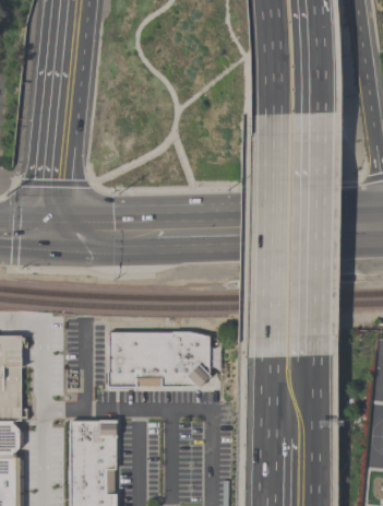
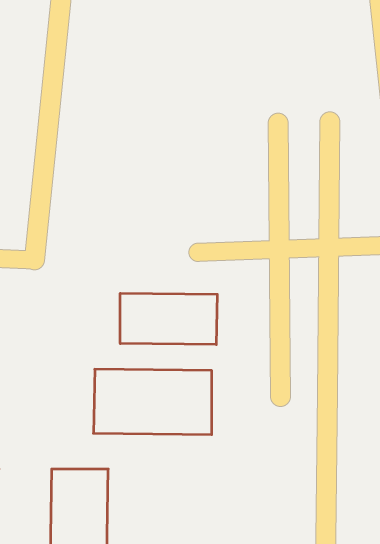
building: none -> [120,293,217,345]

